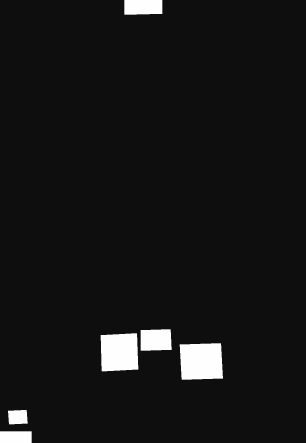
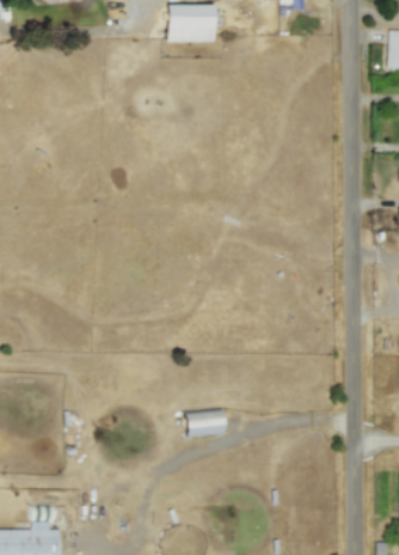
building: [100,332,139,372] -> none
building: [179,343,223,380] -> none

